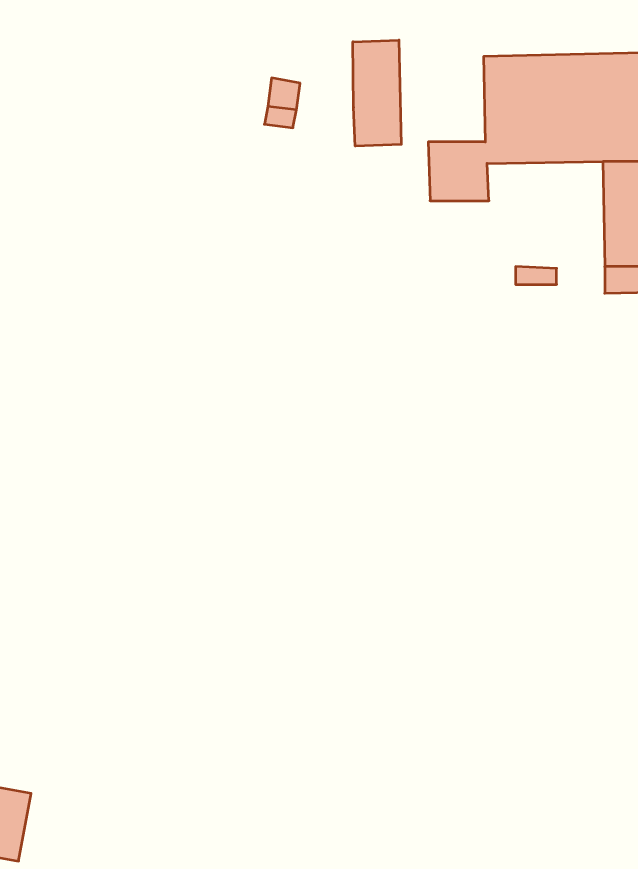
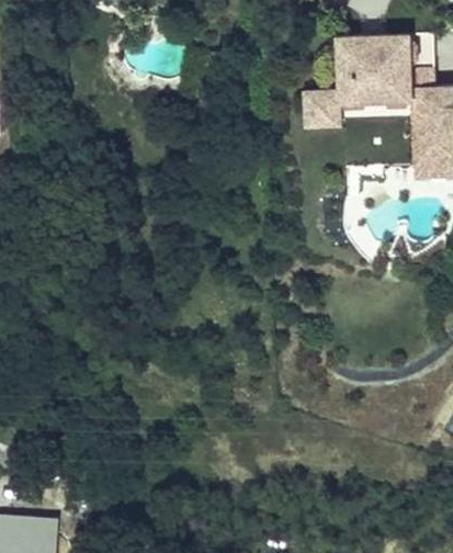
building: [353,40,401,146] -> none

